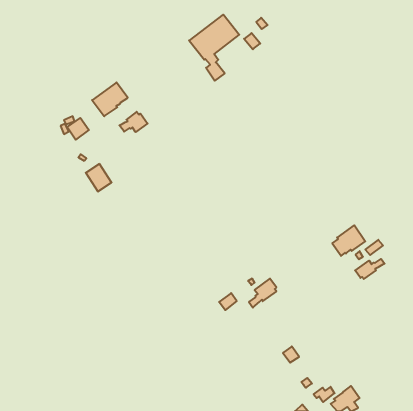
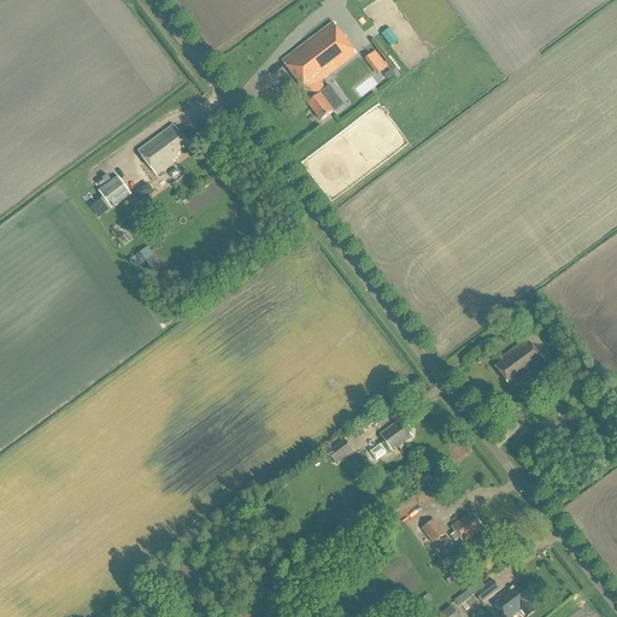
building: [119,112,148,132] -> none
building: [355,259,385,279] -> none
building: none -> [449,511,483,540]

